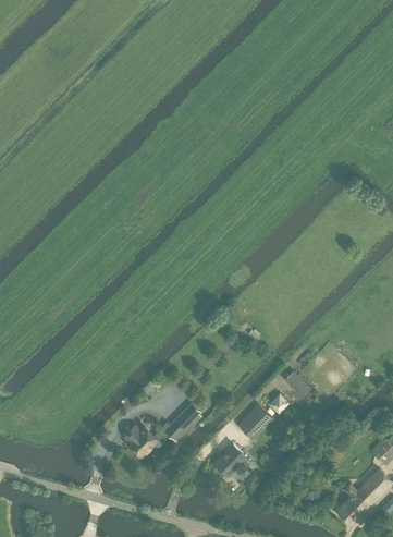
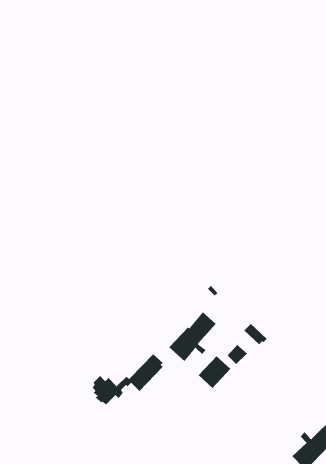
building: none -> [169,311,216,362]
building: [213,443,245,479] -> none

